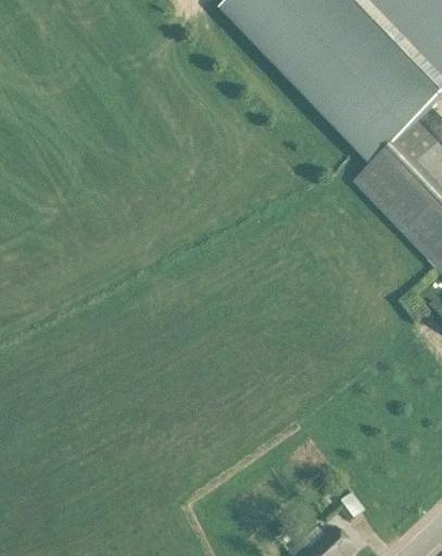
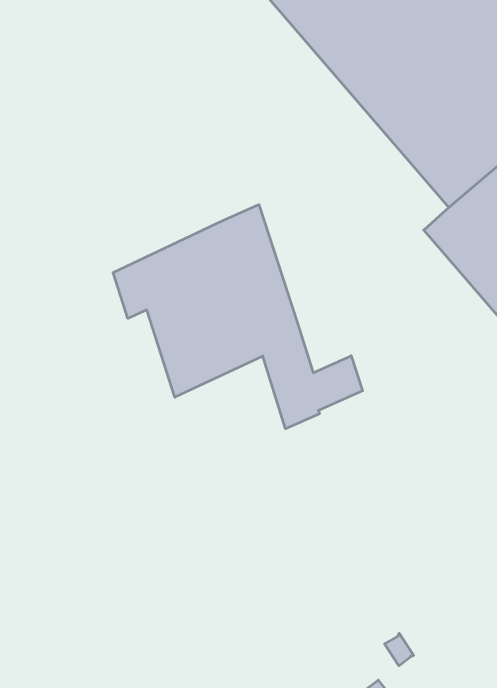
building: none -> [113,205,363,429]

